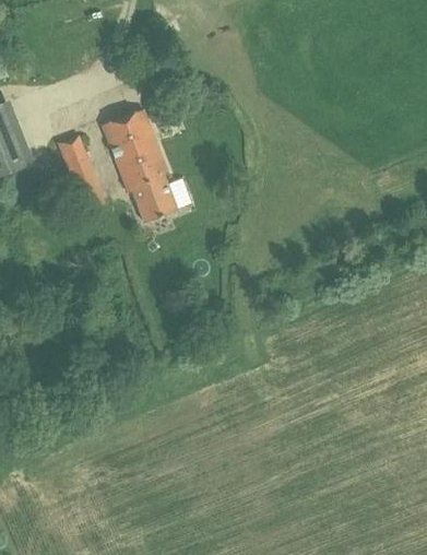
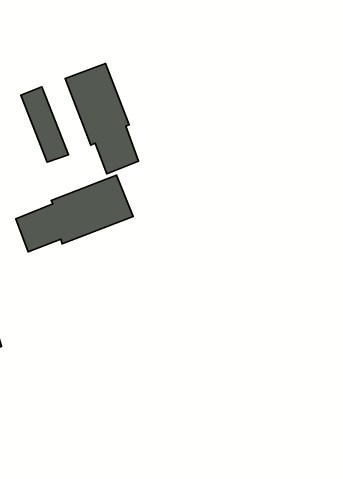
building: none -> [16,175,133,252]

